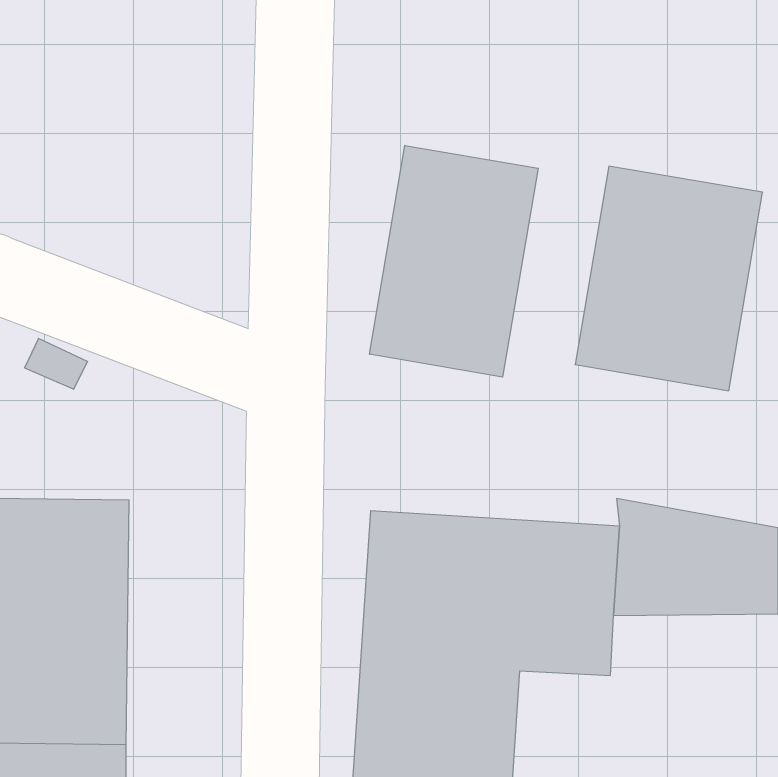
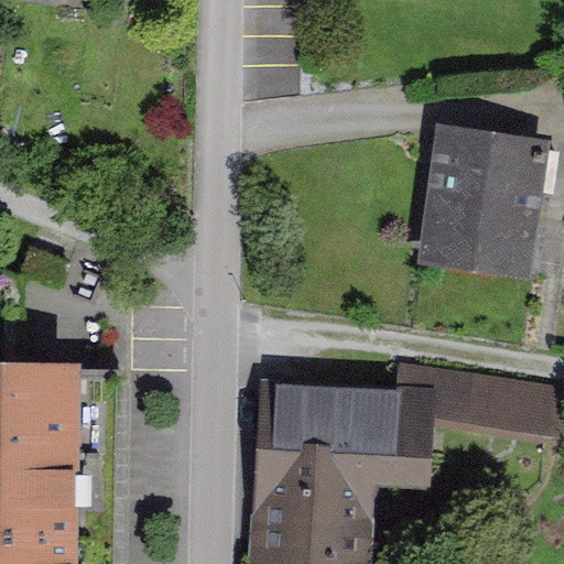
building: [369,145,538,377] -> none

